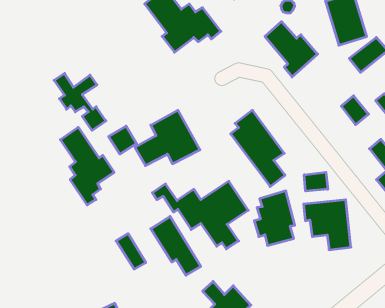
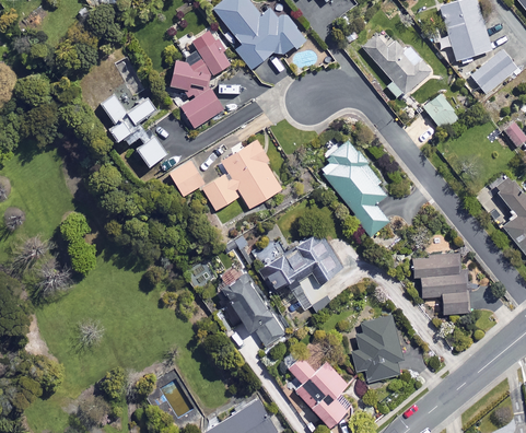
building: none -> [170,12,230,128]
building: [341,96,369,125] -> [424,95,458,131]
building: [60,127,114,205] -> none
building: [304,172,328,191] -> none
building: [254,191,295,245] -> [352,315,402,383]
building: [116,234,146,269] -> none

